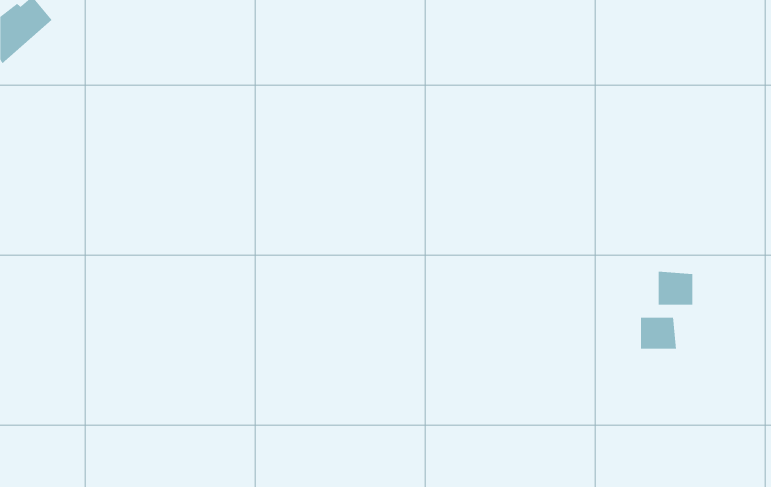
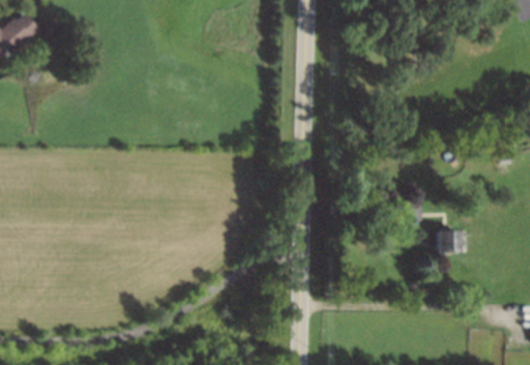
building: [658,271,693,306] -> none

